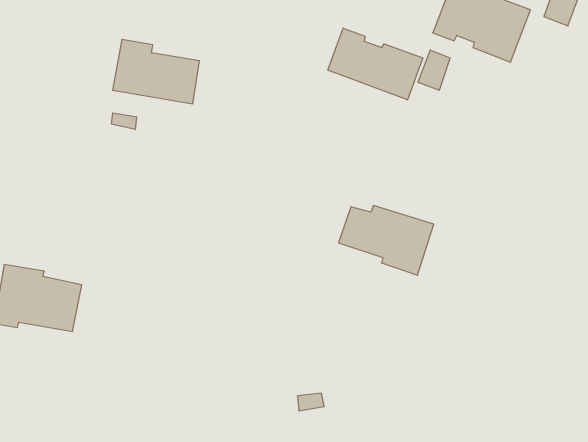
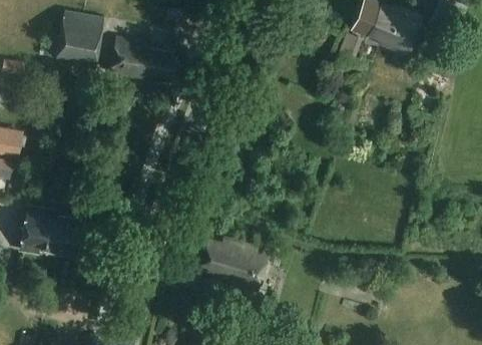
building: none -> [44,11,104,69]
building: [328,28,423,100] -> none
building: [339,205,434,275] -> [196,238,268,290]

